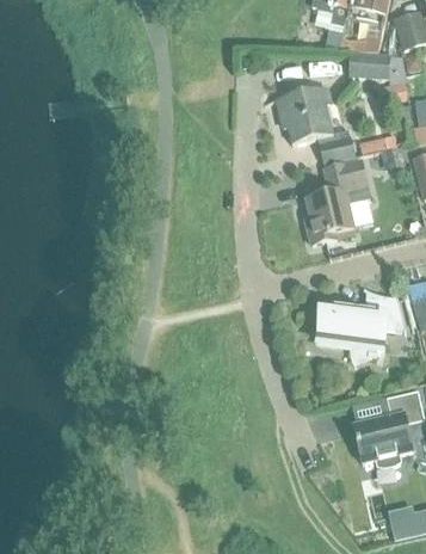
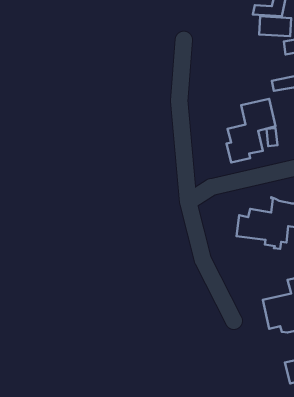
building: [282,87,356,162] -> none

